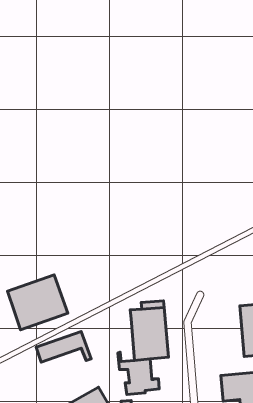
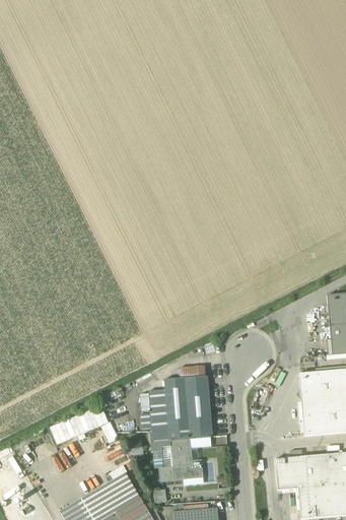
building: [7,275,68,330] -> none
building: none -> [148,391,169,443]

